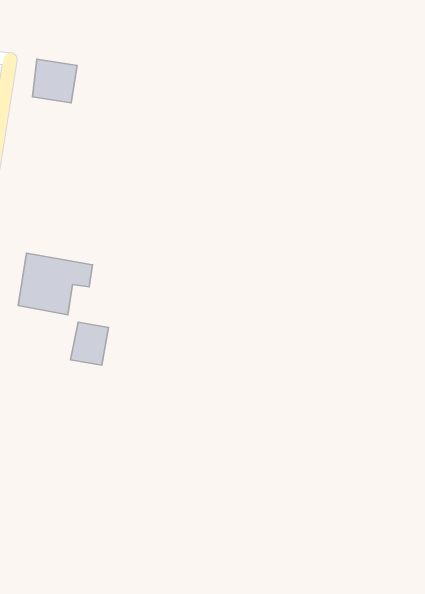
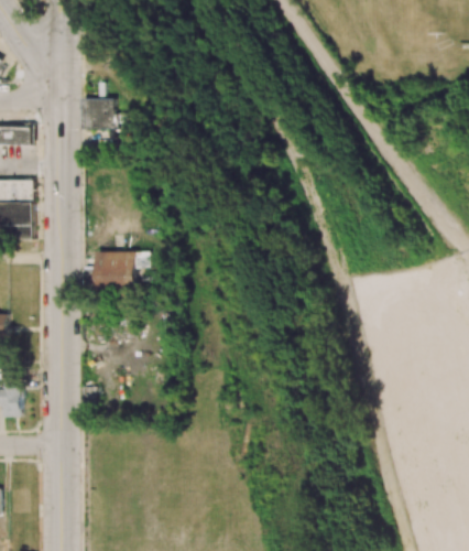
building: [70,322,109,365] -> none

